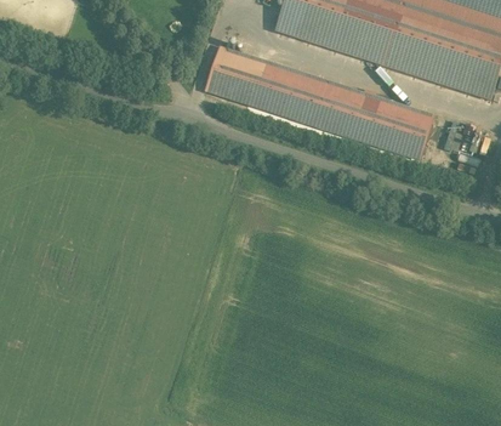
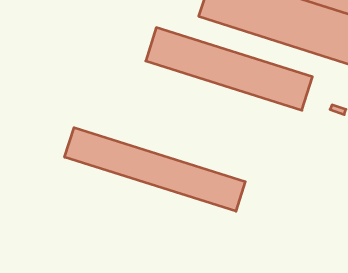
building: none -> [65,128,245,211]

